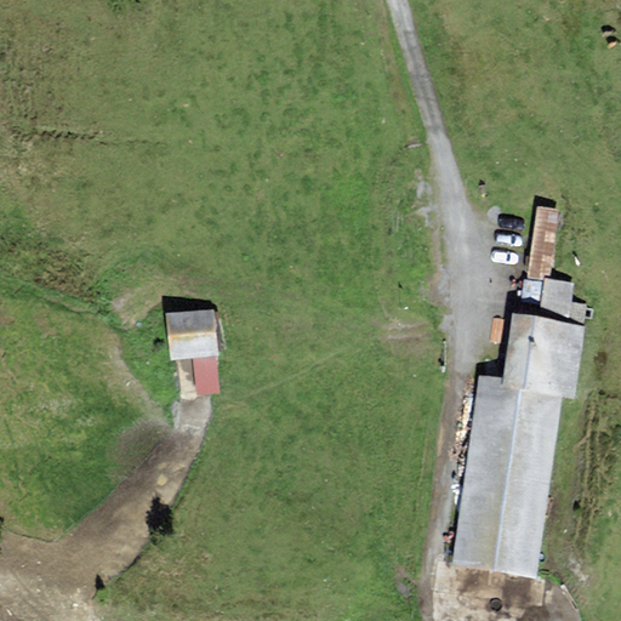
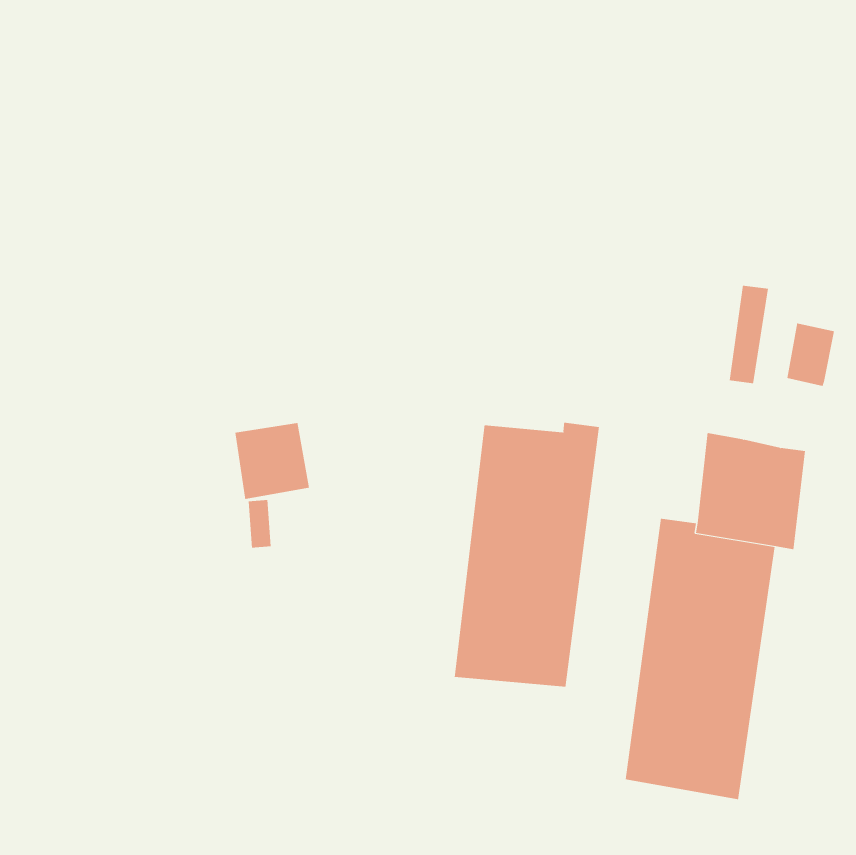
building: [539,278,574,324] -> [786,323,835,387]
building: none -> [454,422,600,687]

